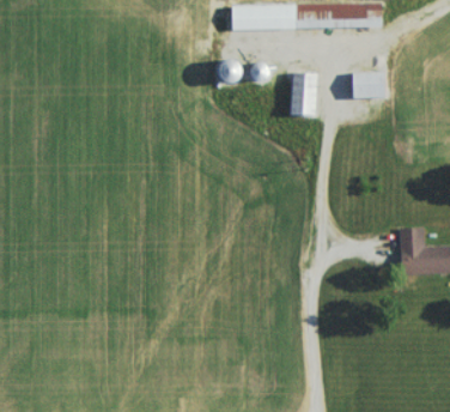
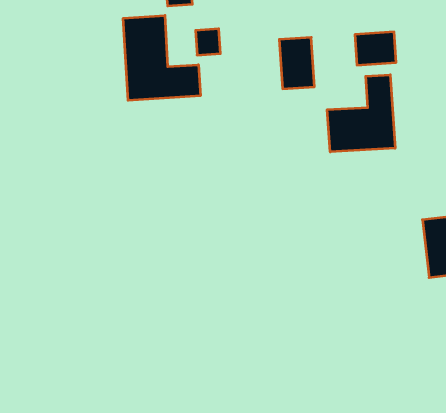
building: none -> [123,15,200,100]
building: none -> [327,75,395,152]

